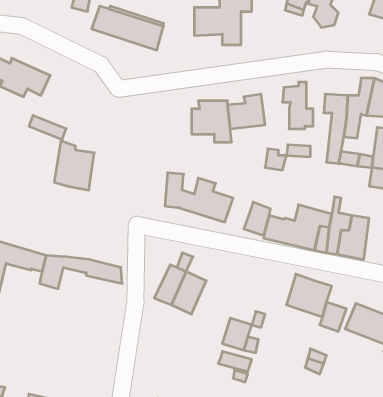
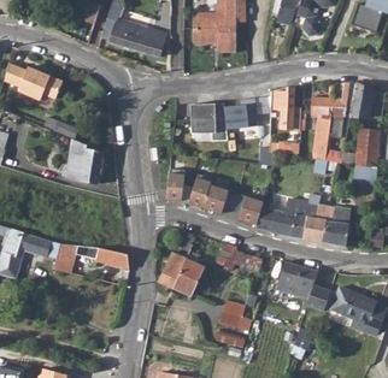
building: none -> [216,243,261,271]

